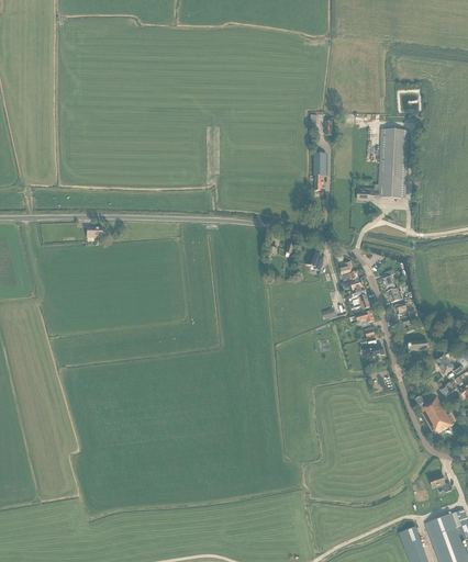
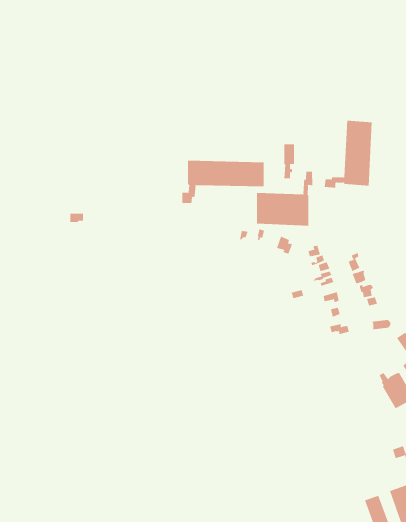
building: none -> [182,160,264,204]
building: none -> [257,171,313,227]

